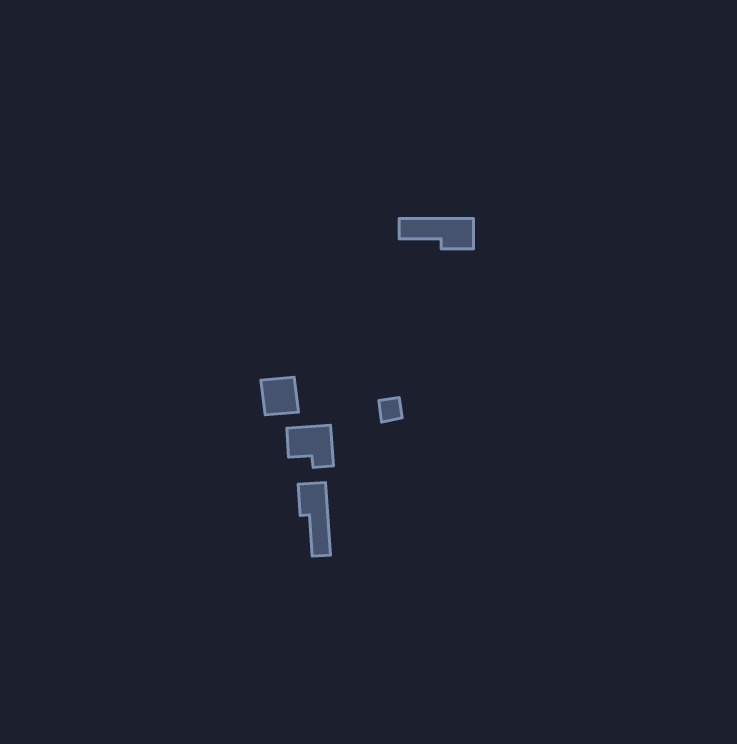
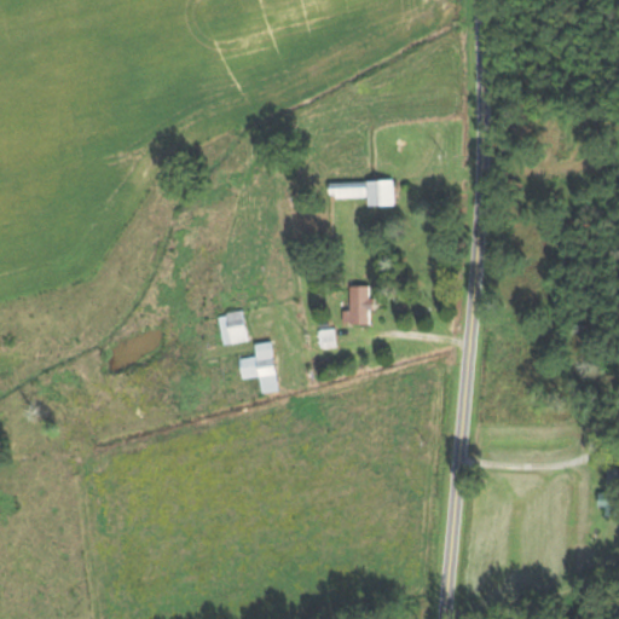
building: none -> [348,287,369,325]
building: [298,482,330,556] -> none

